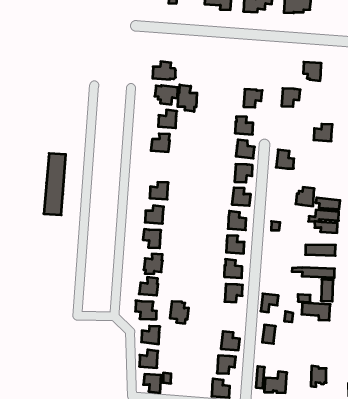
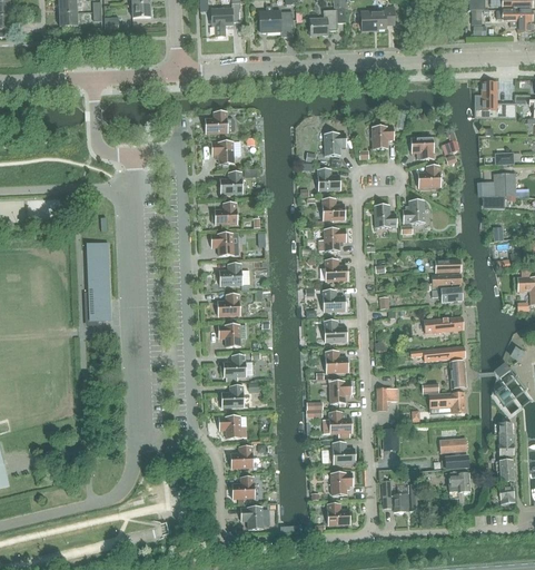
building: [303,62,321,81] -> [410,137,434,159]
building: [178,85,197,112] -> none
building: none -> [210,233,238,256]
building: [296,187,314,206] -> [403,200,425,223]
building: [170,301,189,323] -> [329,411,351,438]
building: none -> [439,438,468,469]

